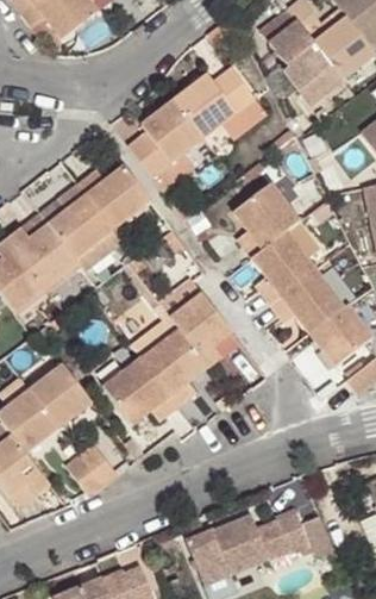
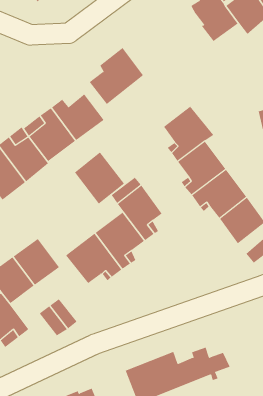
building: [178,71,259,141] -> none
building: none -> [74,151,125,205]

